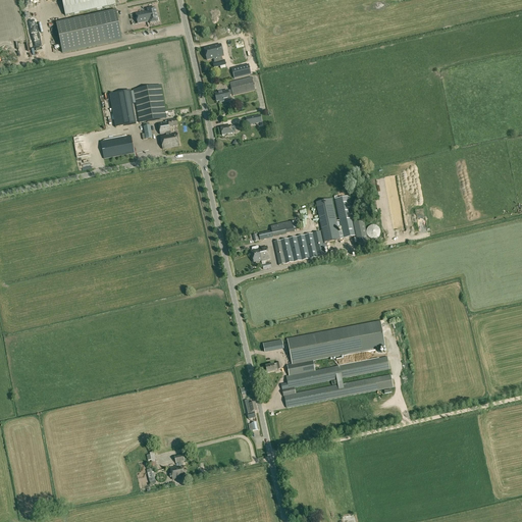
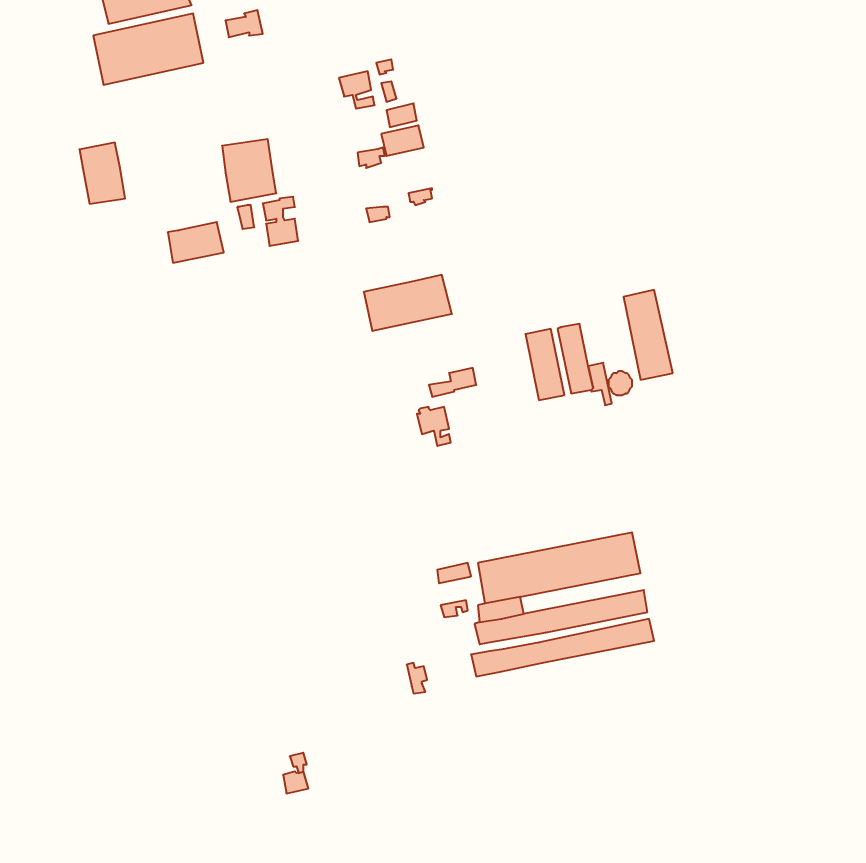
building: [109,89,137,125] -> [79,143,125,204]
building: [273,230,326,264] -> [364,275,452,331]

